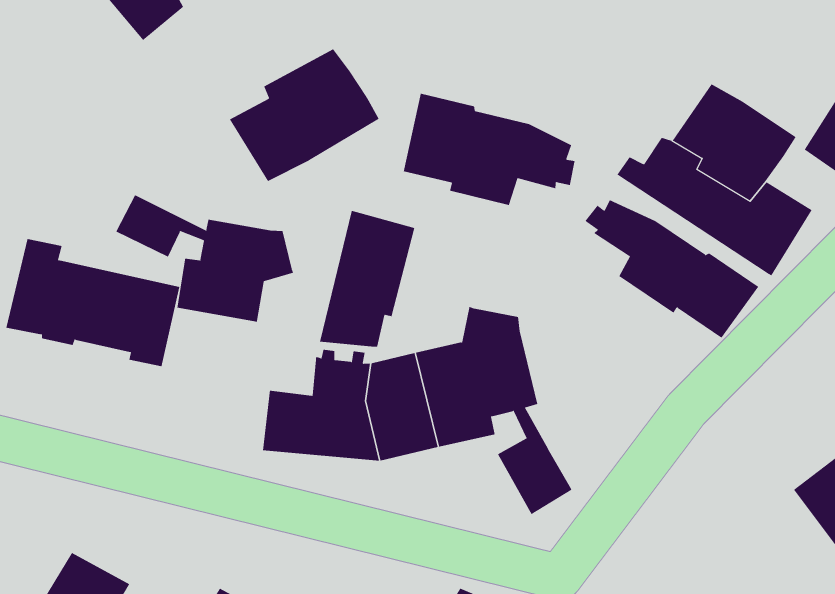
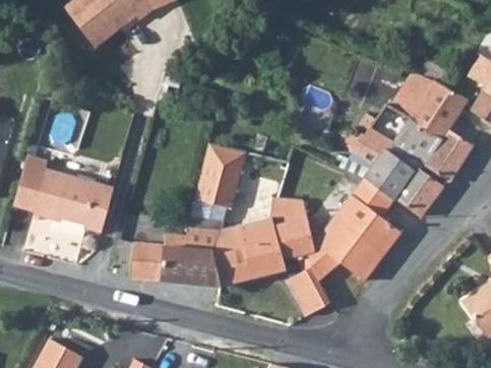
building: [229,49,379,182] -> none
building: [403,93,575,206] -> none
building: [116,195,294,323] -> none
building: none -> [307,180,405,284]
building: none -> [131,242,164,280]

